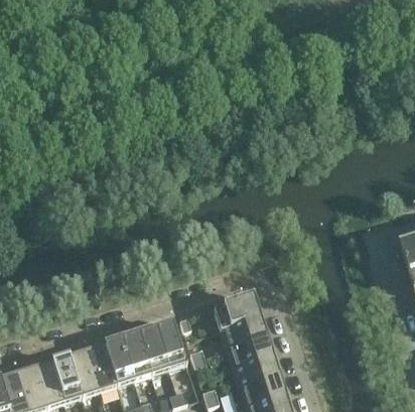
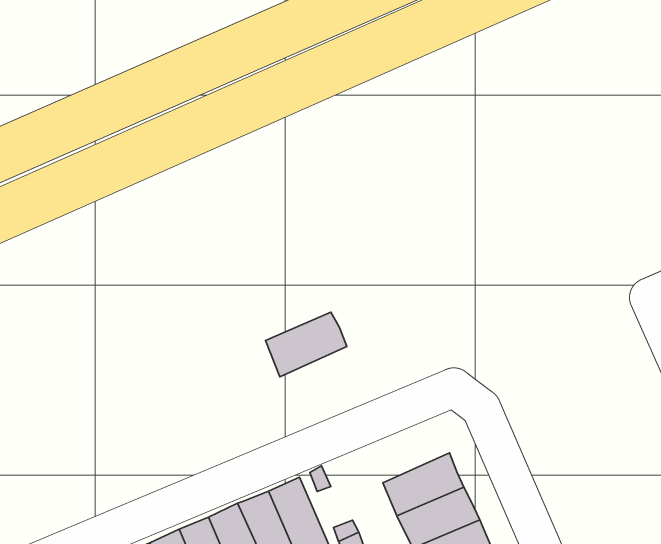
building: [215,296,260,329] -> [265,312,347,377]

